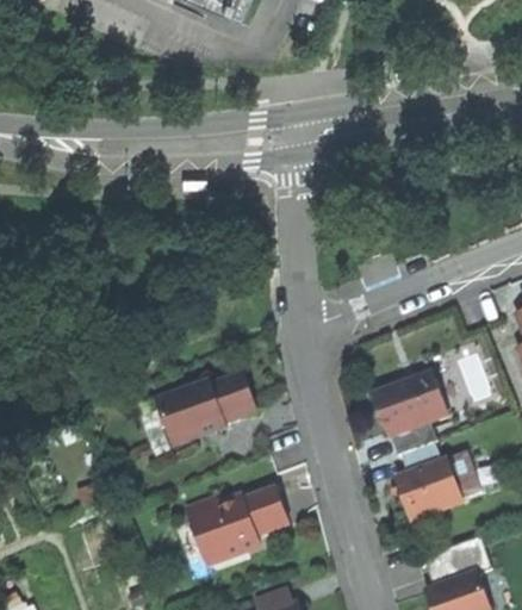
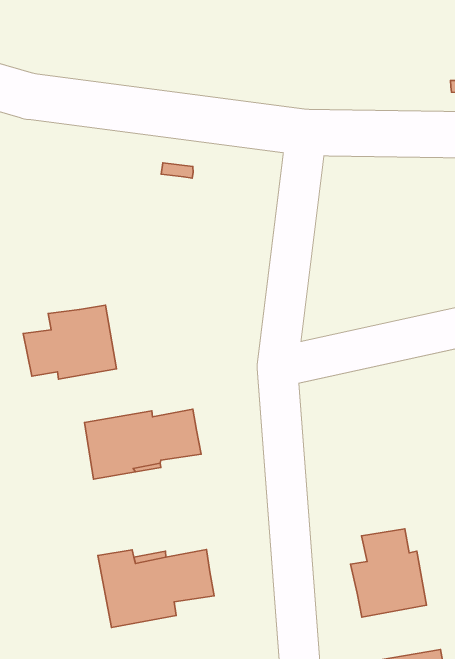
building: none -> [23,305,116,379]
building: [372,372,447,454] -> none

